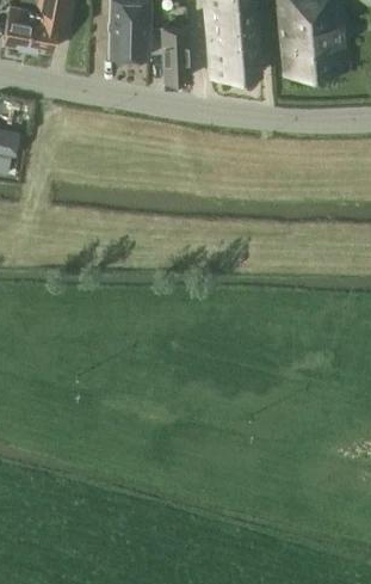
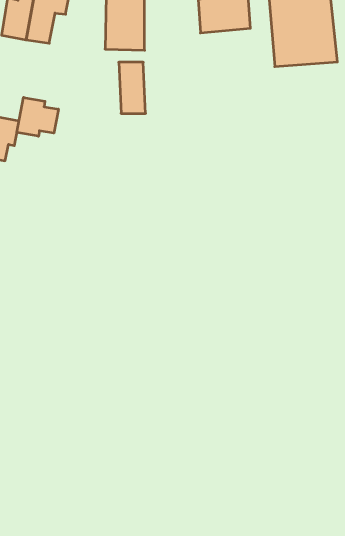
building: [162,26,190,79] -> [119,62,146,113]
building: [208,35,262,76] -> none
building: none -> [17,97,58,136]

